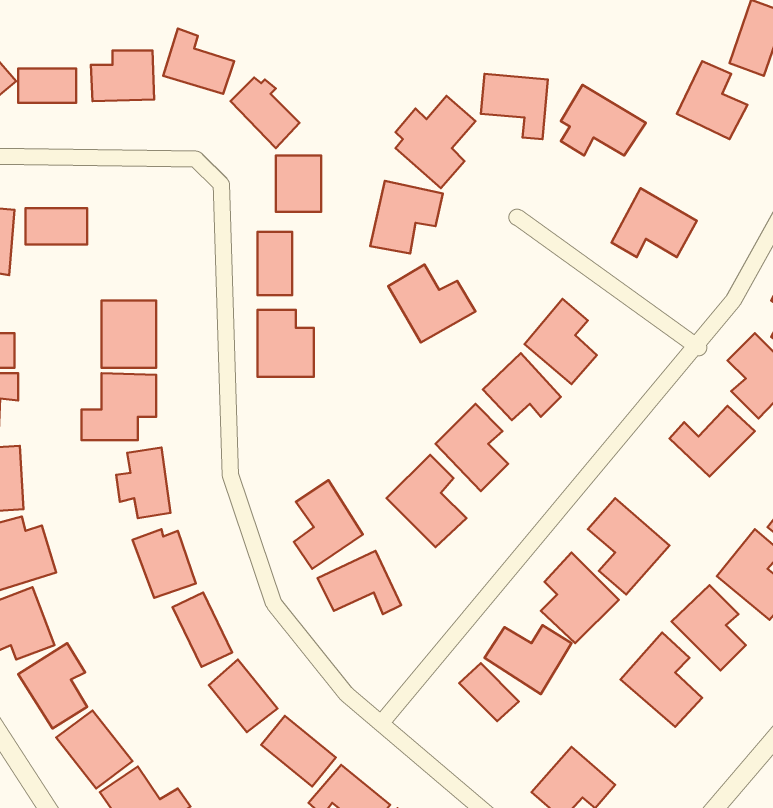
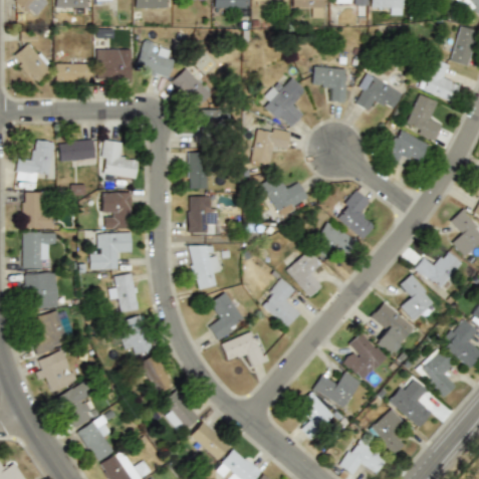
building: none -> [405,94,442,141]
building: none -> [99,139,140,179]
building: none -> [189,243,221,290]
building: none -> [398,274,436,320]
building: none -> [369,409,409,456]

